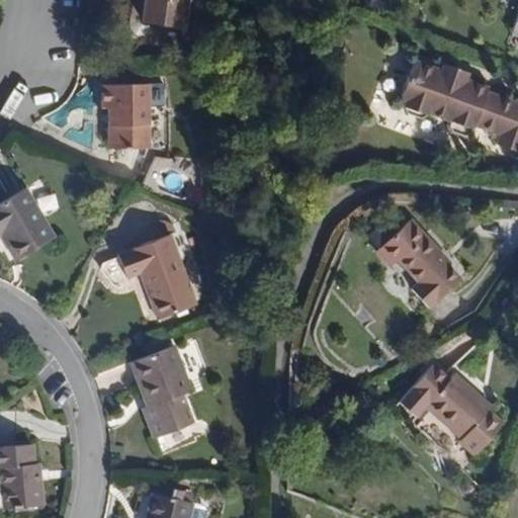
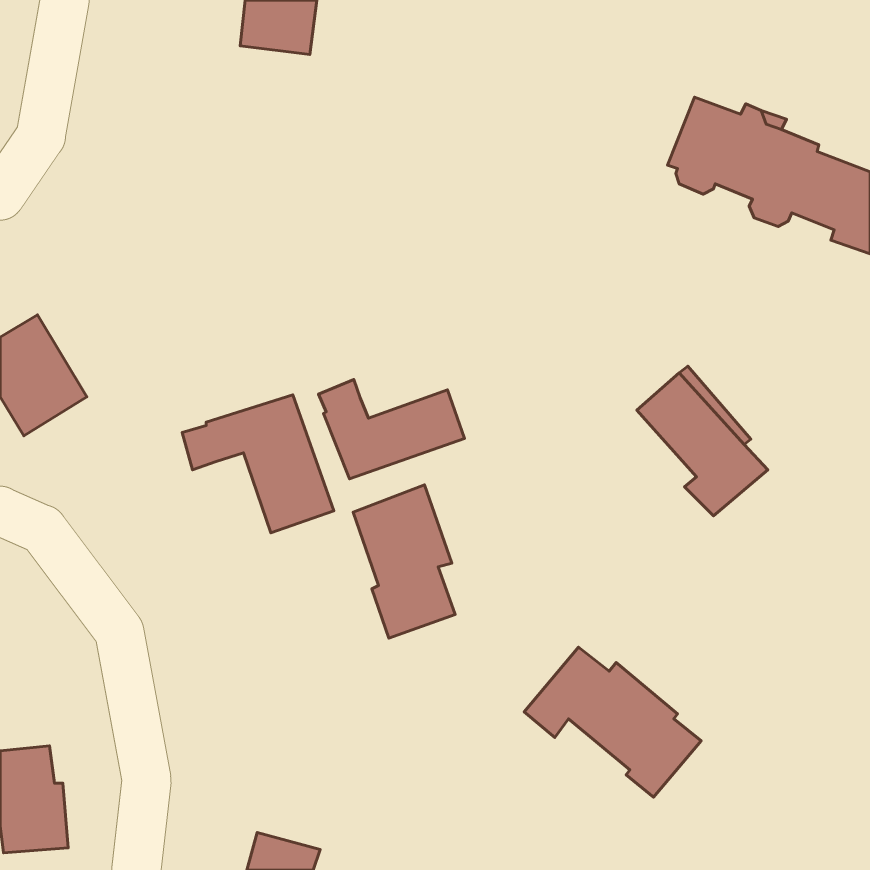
building: [101,90,150,154] -> none
building: none -> [318,379,464,479]
building: [135,346,195,437] -> [353,485,455,638]
building: [397,361,502,450] -> [524,647,701,797]

